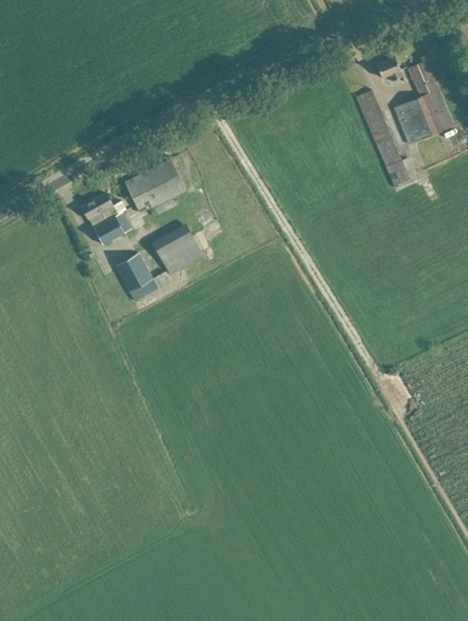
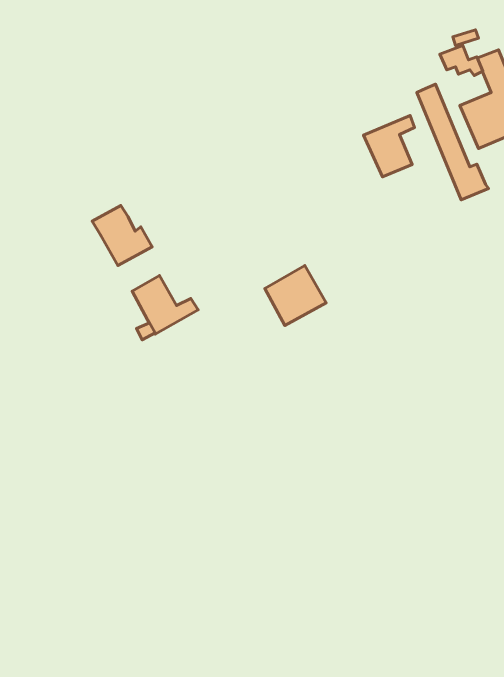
building: none -> [363,115,414,177]
building: [124,158,184,216] -> none
building: [152,223,204,274] -> [265,266,326,326]

